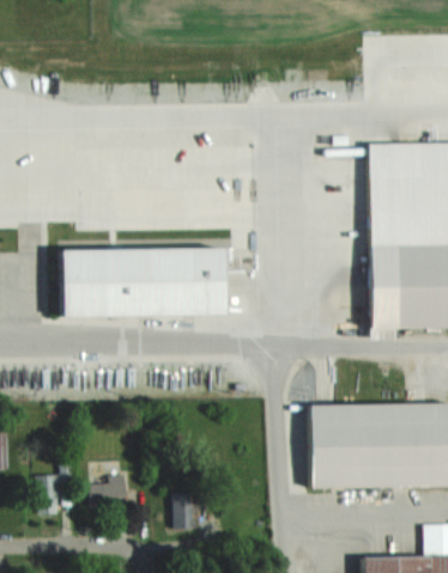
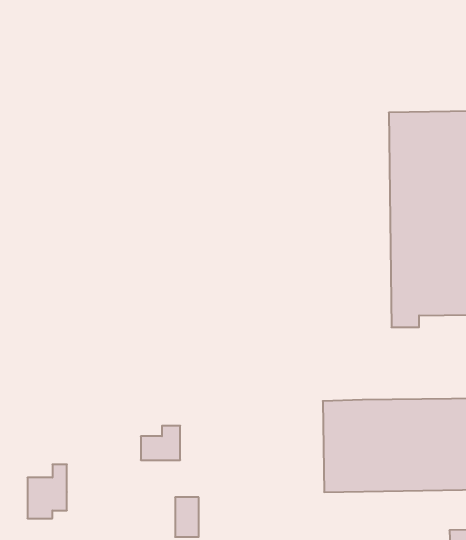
building: [59,248,223,317] -> none
building: [93,475,129,506] -> [141,426,180,460]

